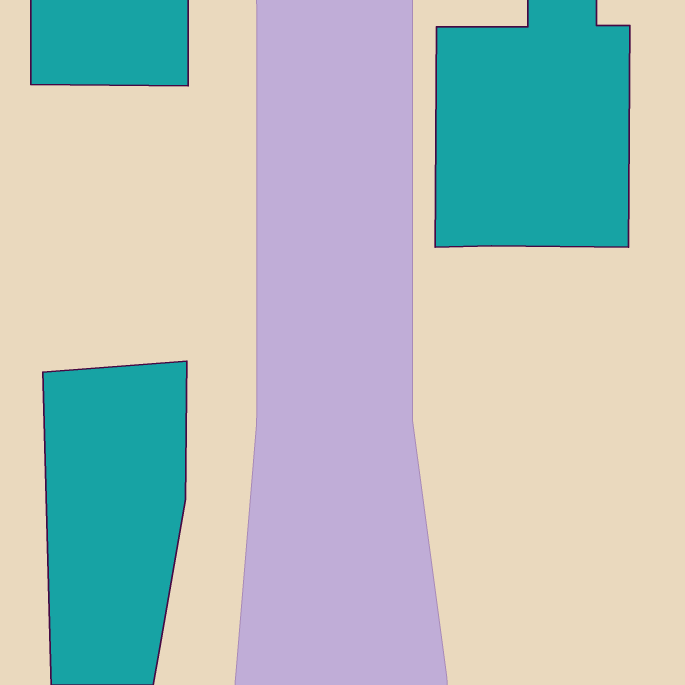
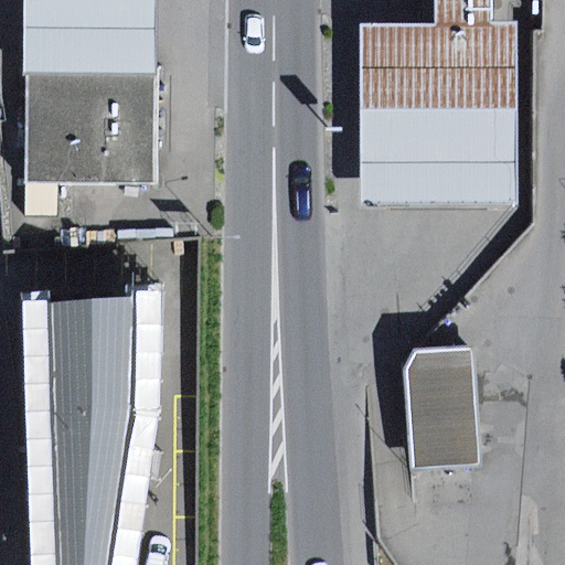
building: none -> [24,70,156,183]
building: none -> [405,350,479,470]

